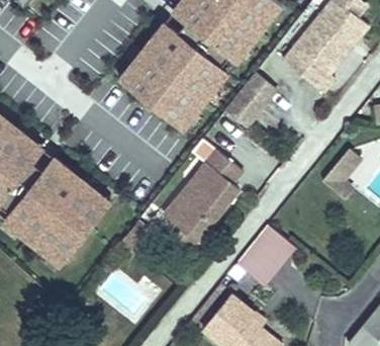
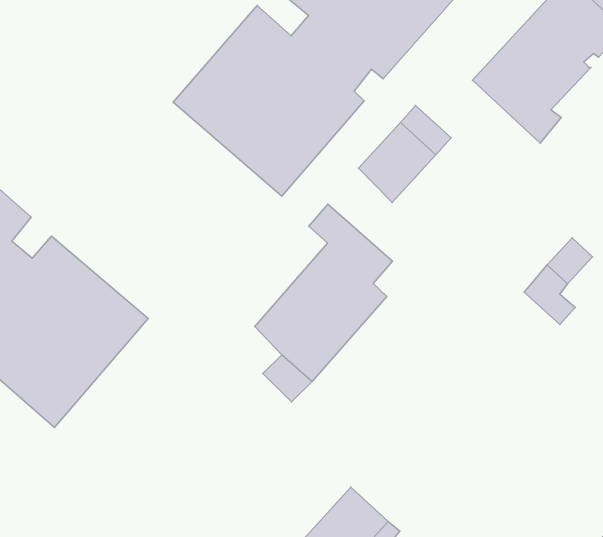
building: [232,223,293,286] -> none

